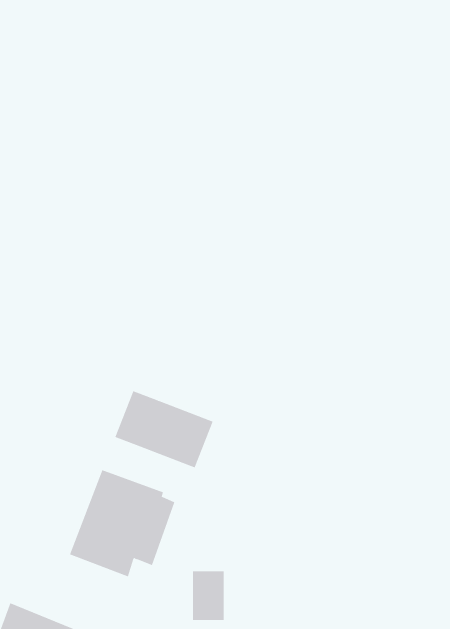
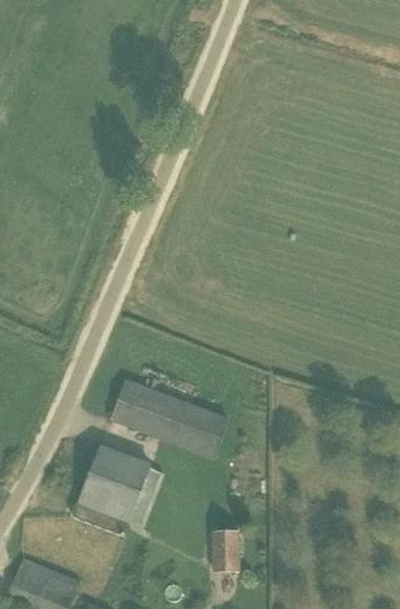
building: none -> [177,404,226,457]
building: [192,571,225,620] -> [212,529,239,571]

